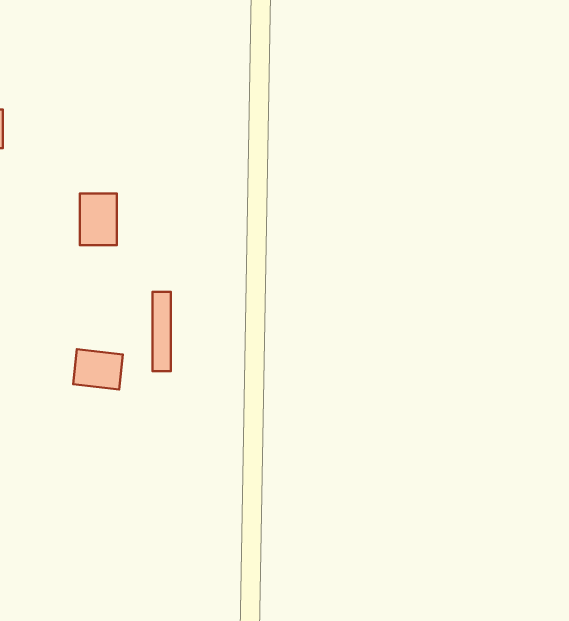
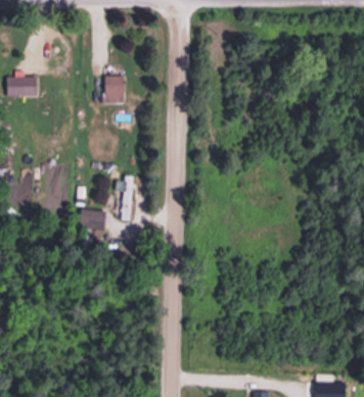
building: [80,194,117,245] -> [104,76,125,104]

